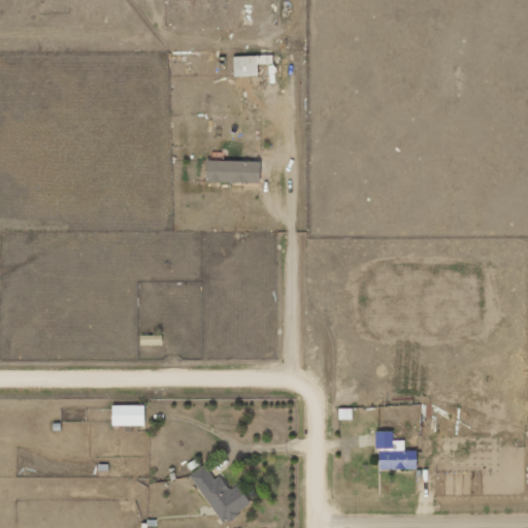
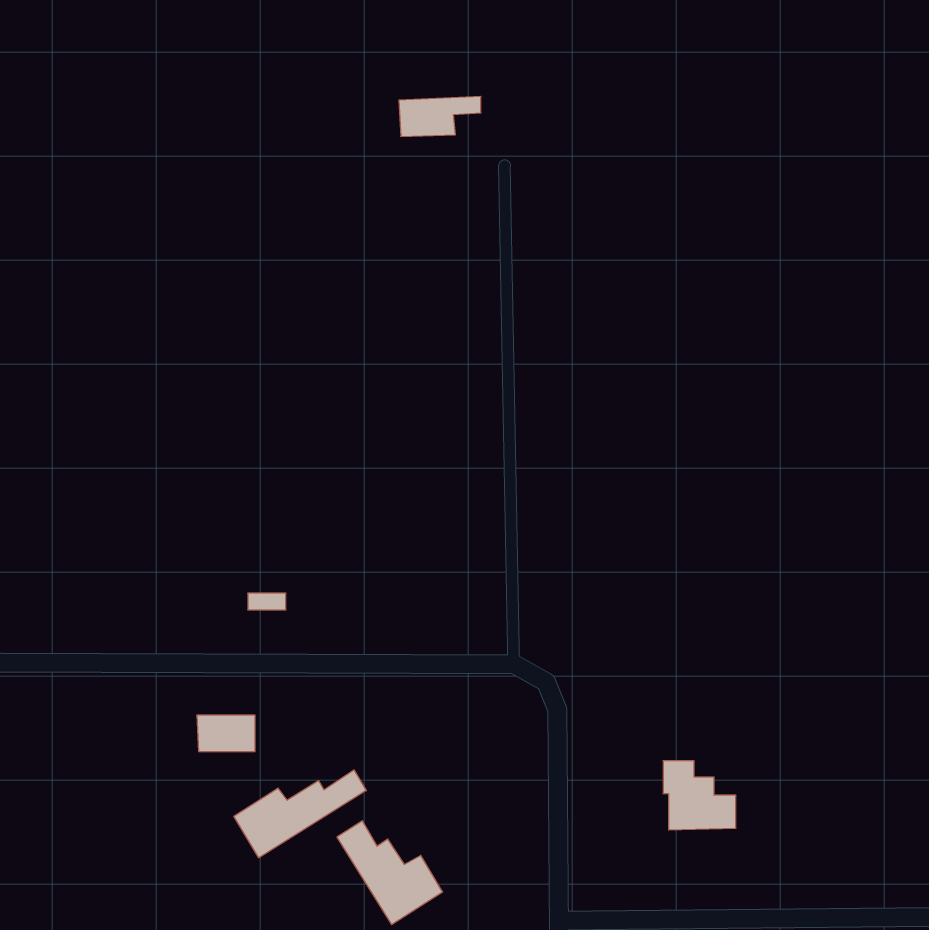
building: [205,160,261,184] -> none
building: none -> [234,770,366,858]

